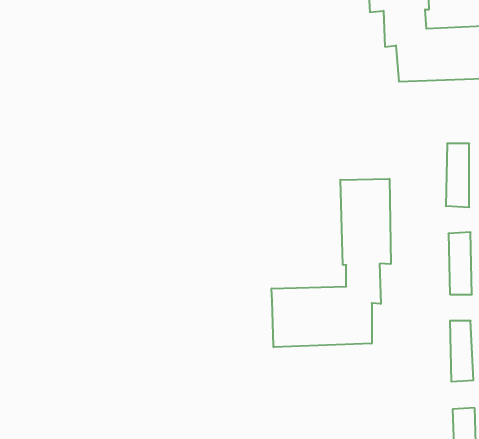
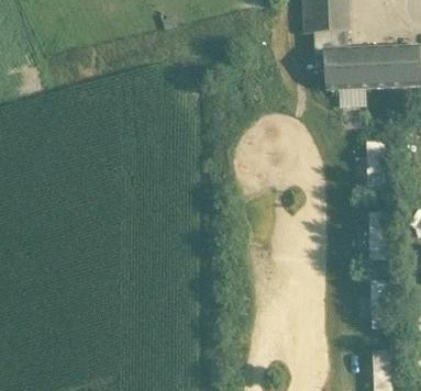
building: [272,179,391,347] -> none

